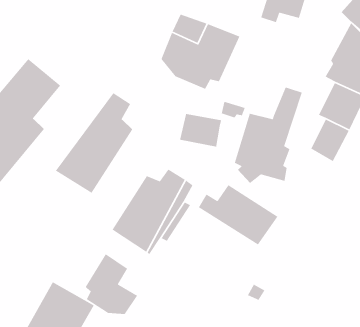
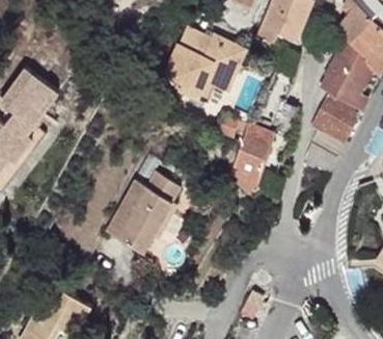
building: [55,92,133,194] -> none
building: [179,113,222,147] -> none
building: [198,184,279,245] -> none
building: [85,253,138,315] -> none

